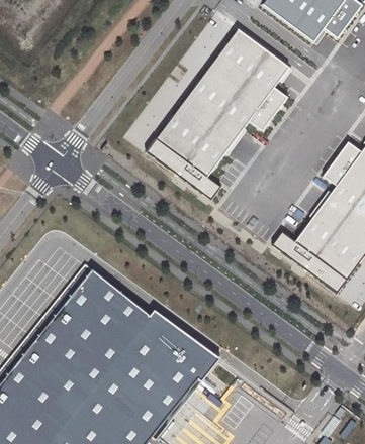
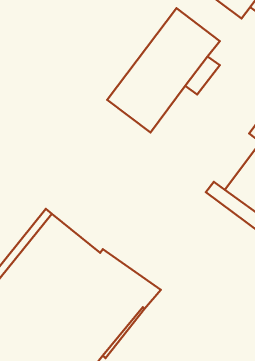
building: [148,136,221,198] -> none

